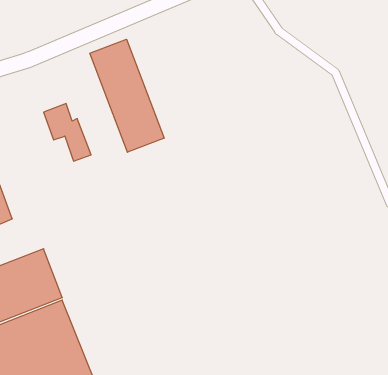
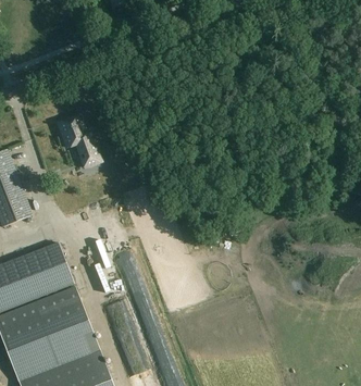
building: [90,39,164,152] -> none

